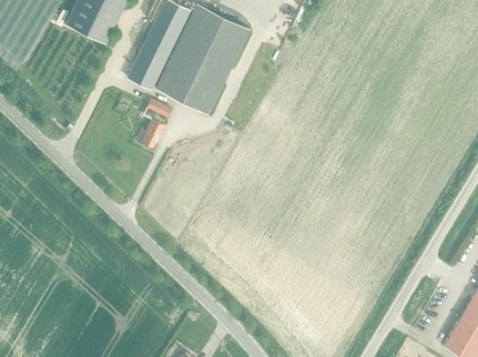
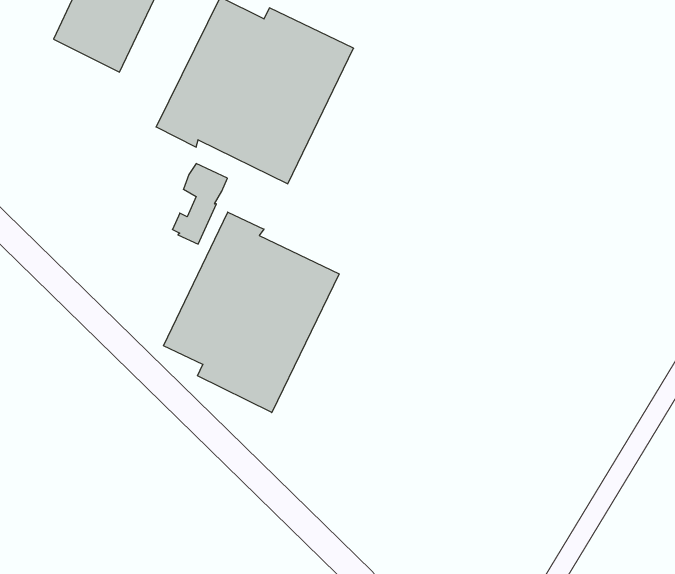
building: none -> [163,212,339,413]

